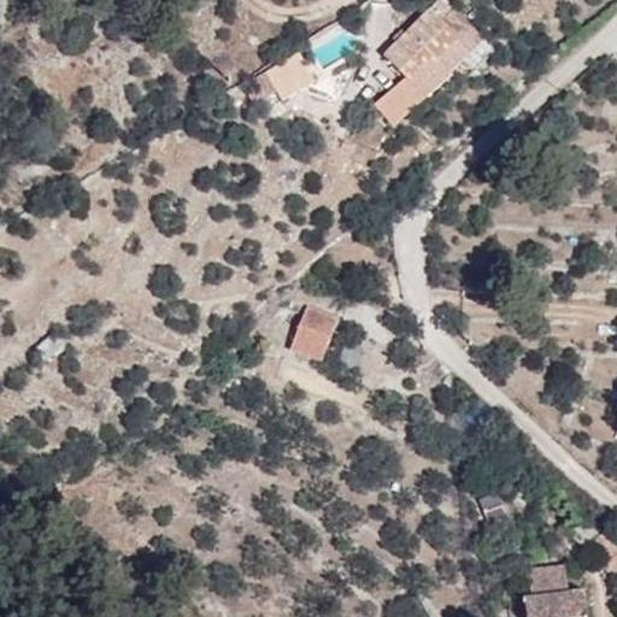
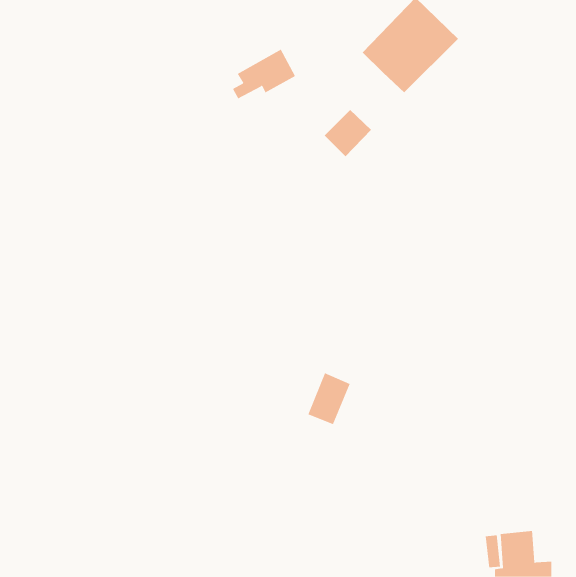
building: [377,77,428,128] -> [324,109,372,157]
building: [289,306,335,362] -> [307,372,351,425]

